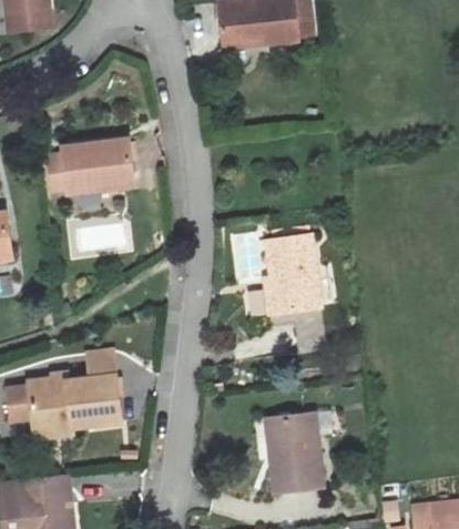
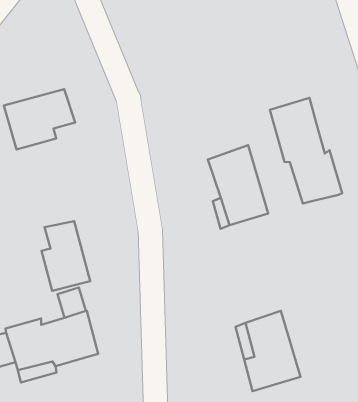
building: none -> [270,98,342,204]
building: none -> [42,221,90,291]

